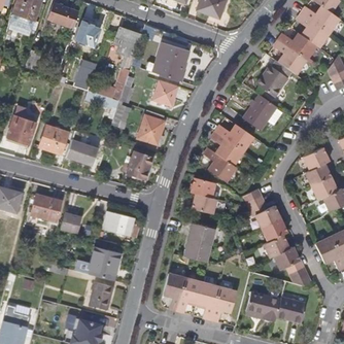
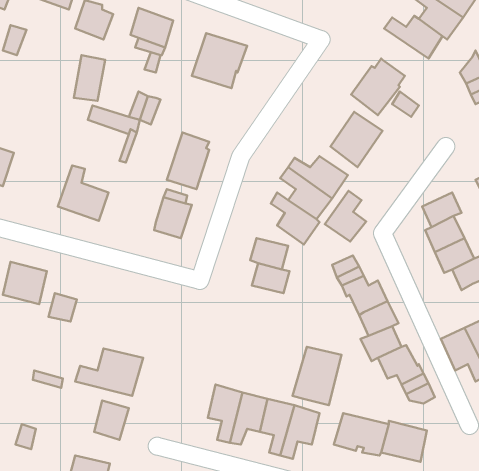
building: [274,40,307,74] -> none
building: [148,79,176,105] -> none
building: [40,124,69,152] -> none
building: none -> [325,191,366,241]
building: [103,212,134,235] -> none
building: [183,223,215,262] -> [293,347,341,405]

